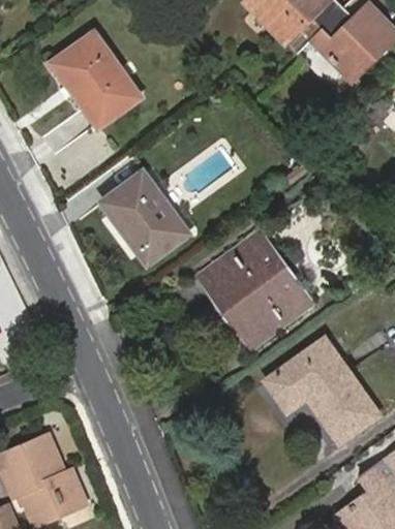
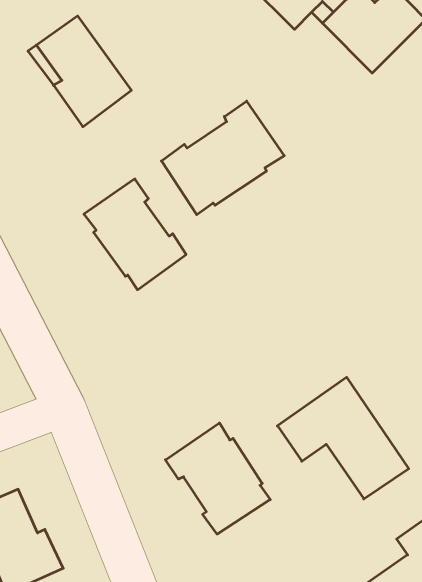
building: none -> [161,101,284,215]
building: [170,232,312,370] -> none
building: none -> [165,423,270,534]

